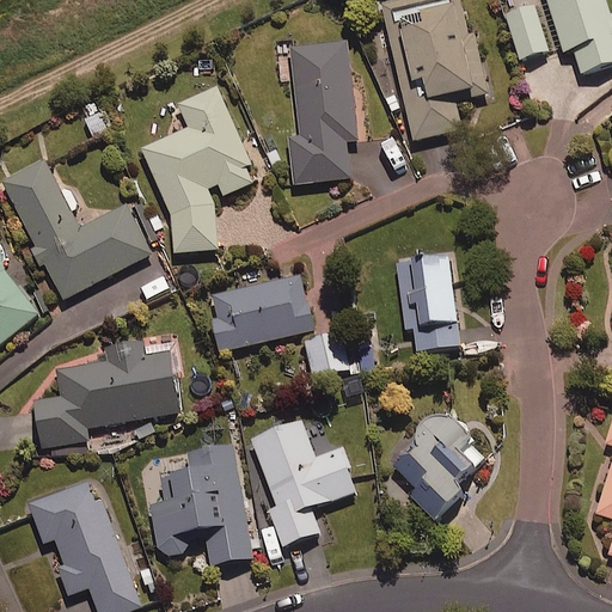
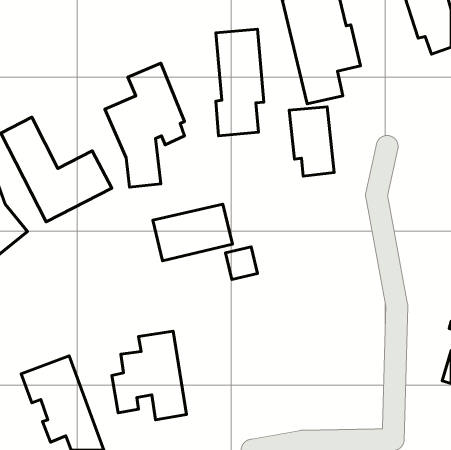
building: [506,6,546,59] -> none
building: [397,257,458,350] -> [289,107,334,176]
building: [33,341,178,448] -> none
building: [391,415,488,520] -> none
building: [251,422,355,546] -> none

